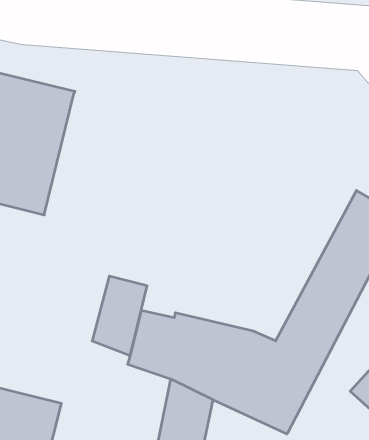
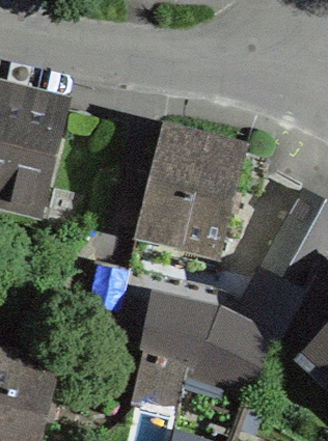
building: none -> [138,128,245,251]

